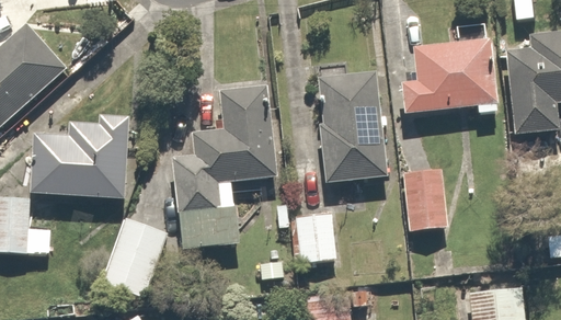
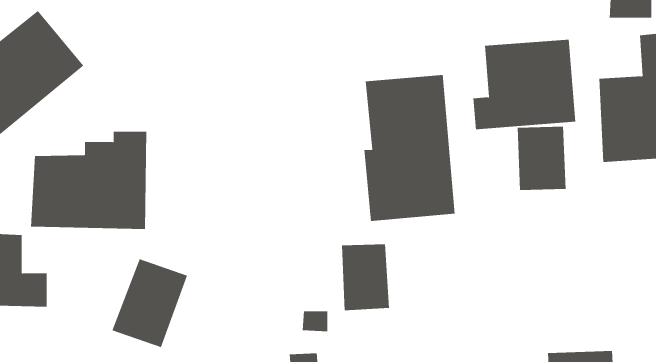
building: [169,84,280,249] -> none
building: [405,178,447,231] -> [517,126,567,190]

